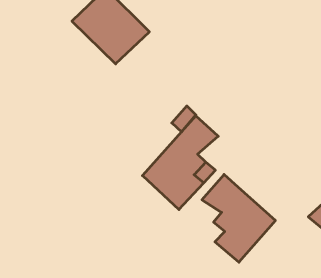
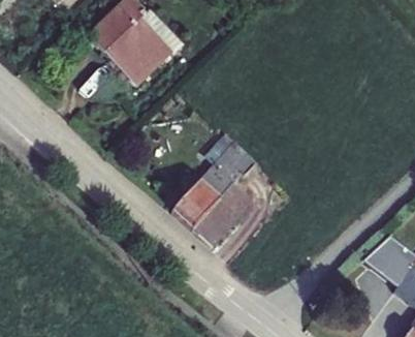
building: [202,174,275,262] -> none

